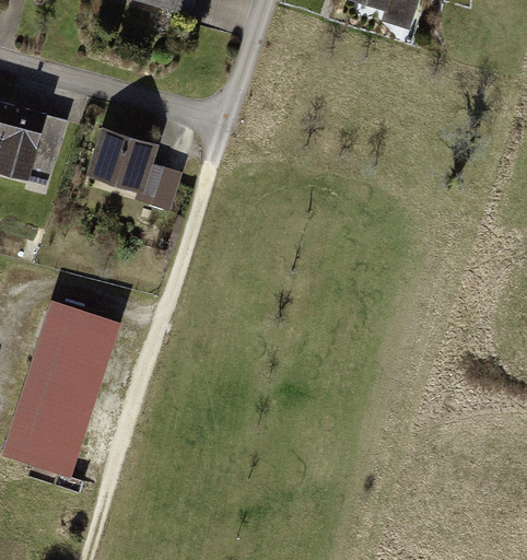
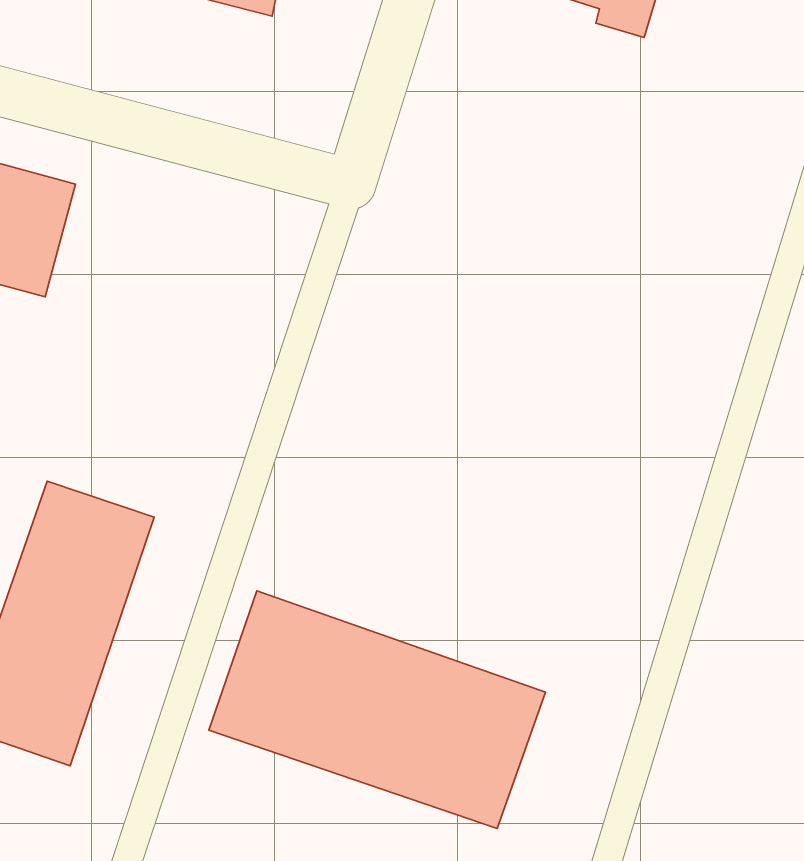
building: [90,129,171,197] -> none
building: none -> [209,591,546,828]

